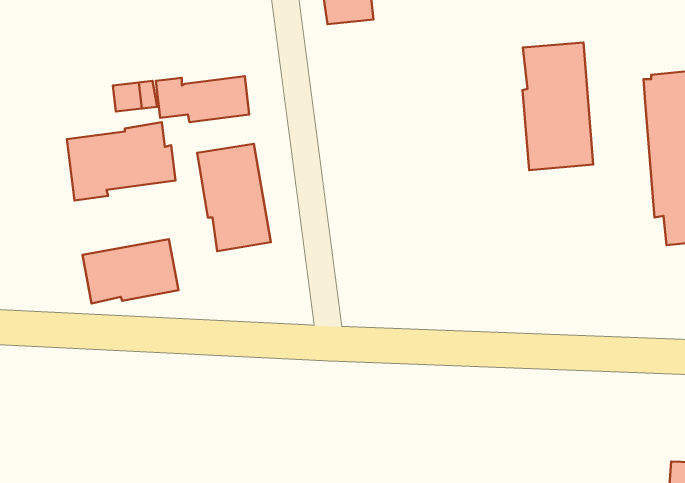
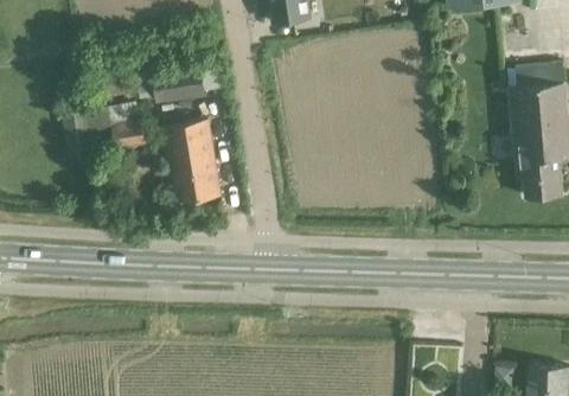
building: [523,43,593,170] -> none
building: [82,239,179,303] -> none

